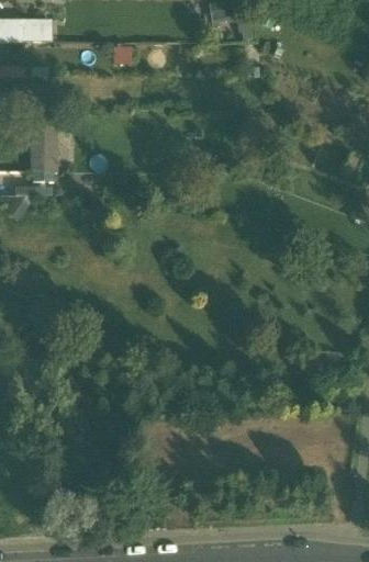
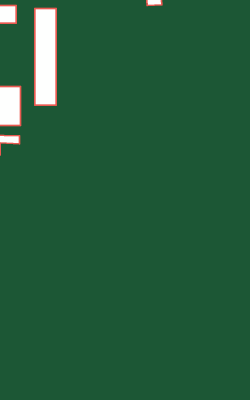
building: none -> [35,8,56,105]

